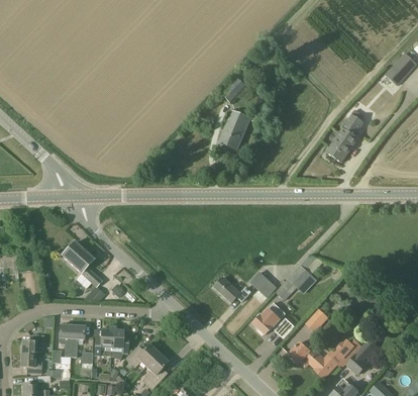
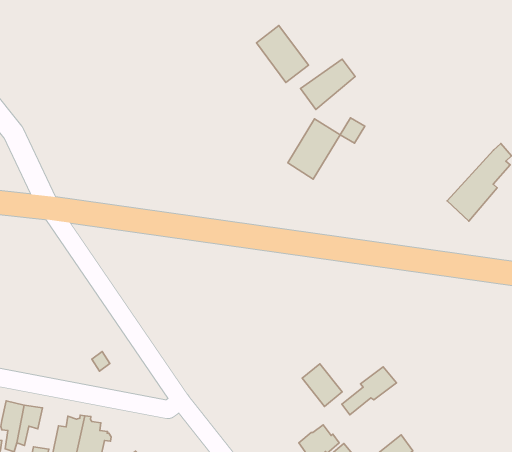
building: none -> [256,25,308,83]
building: [61,241,103,287] -> none
building: [214,277,251,303] -> none

